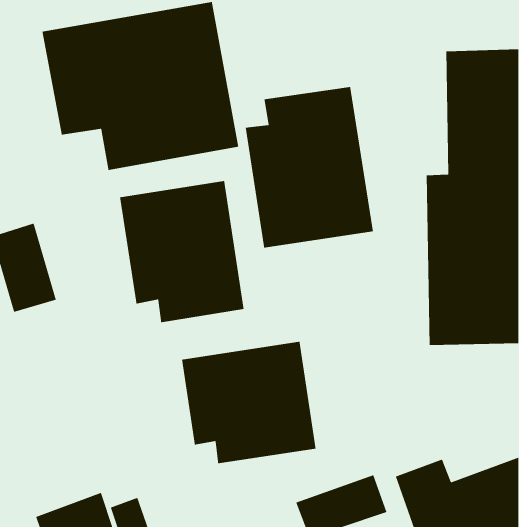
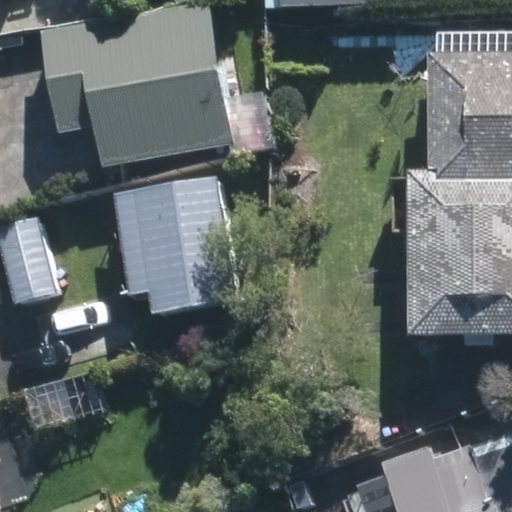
building: [245,86,374,248] -> none
building: [181,341,317,464] -> none

